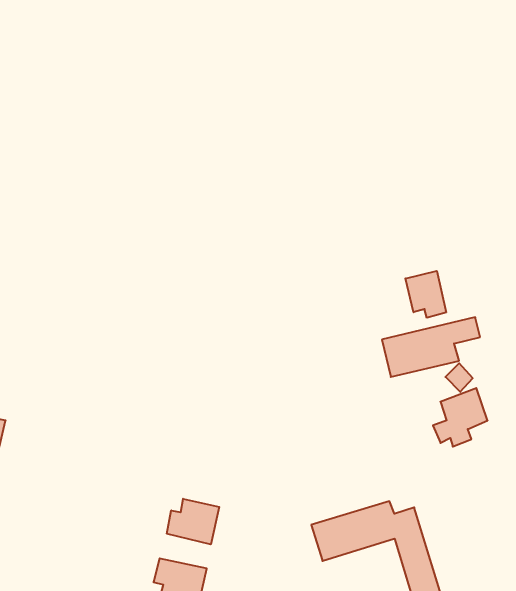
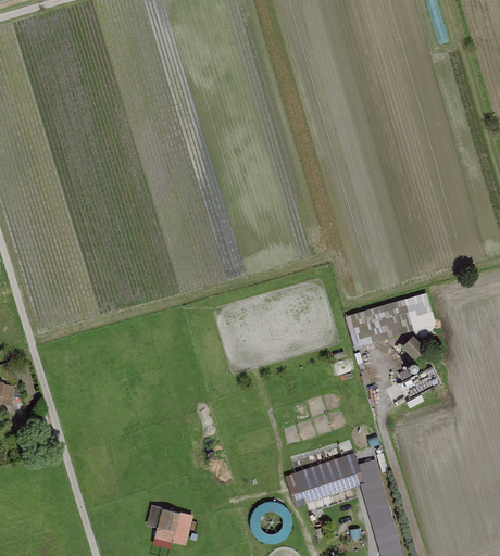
building: [405,271,446,318] -> none
building: [167,499,219,544] -> none

